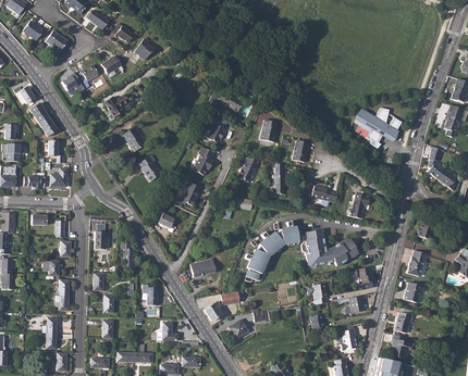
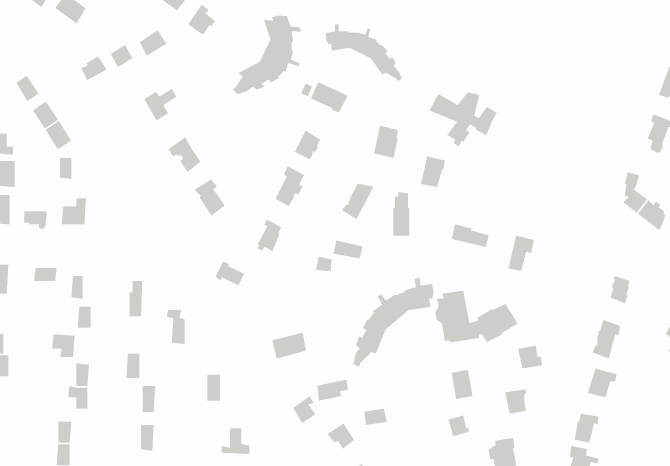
building: none -> [232,15,302,95]
building: none -> [325,24,403,82]
building: [356,108,403,146] -> [428,91,498,148]

